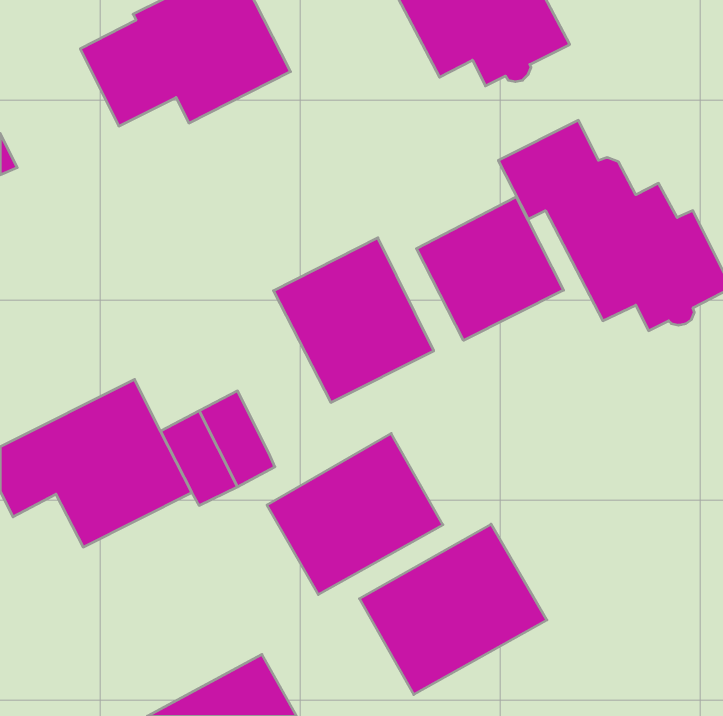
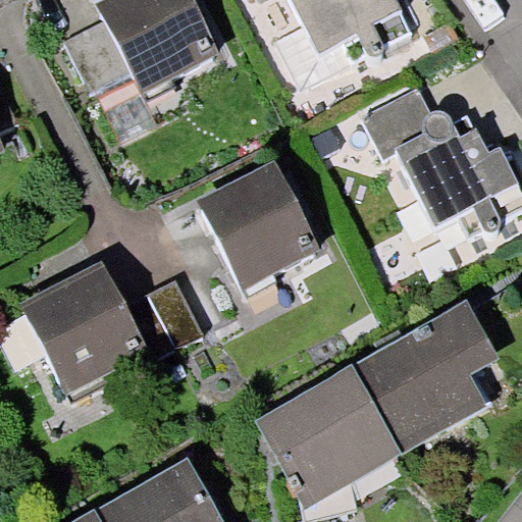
building: [416,197,564,340] -> none
building: none -> [356,307,497,441]
building: [267,433,443,595] -> none

